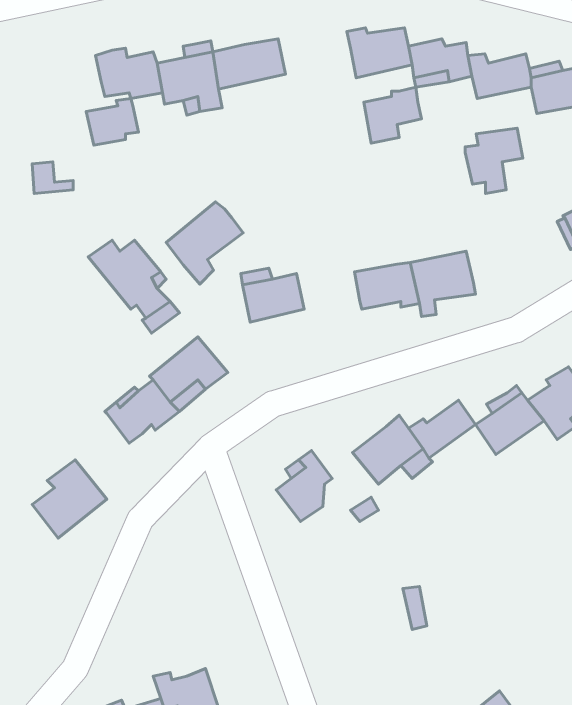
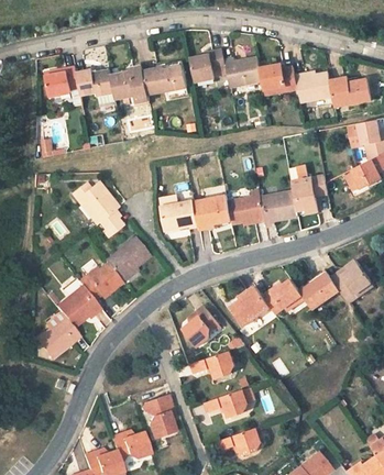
building: [364,87,421,143] -> [191,51,226,84]
building: [86,98,138,145] -> [47,69,78,97]
building: [465,128,523,193] -> [294,175,328,213]
building: [166,202,243,284] -> none
building: none -> [194,195,231,229]
building: none -> [57,285,100,324]
building: none -> [191,349,234,376]
building: none -> [202,386,245,412]
building: none -> [140,396,169,439]
building: none -> [218,424,259,450]

